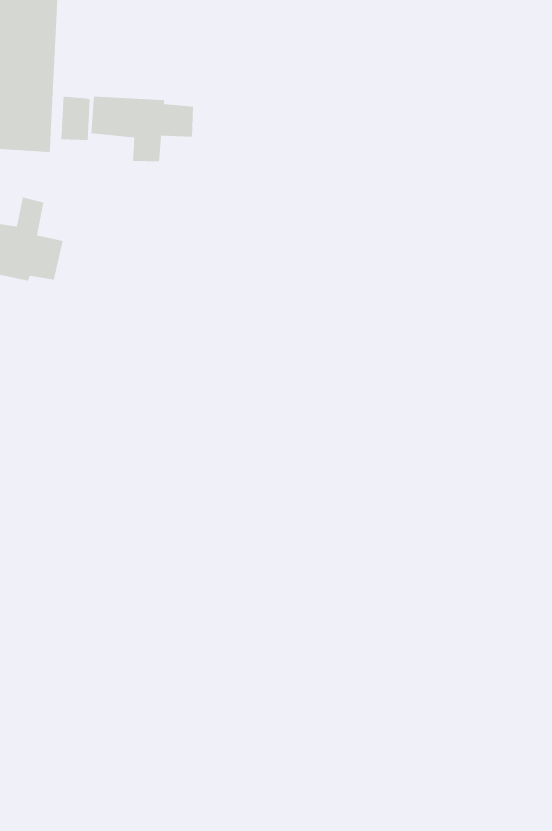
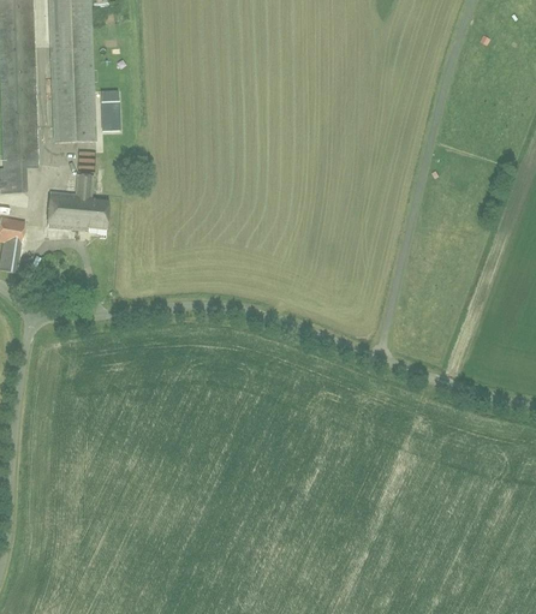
building: [91,96,193,162] -> none

